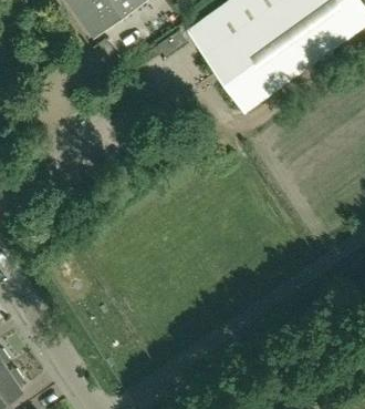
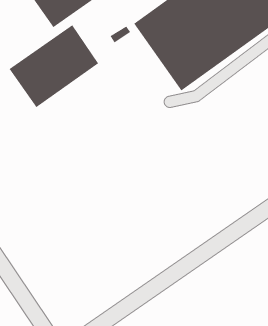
building: none -> [9,24,99,108]

